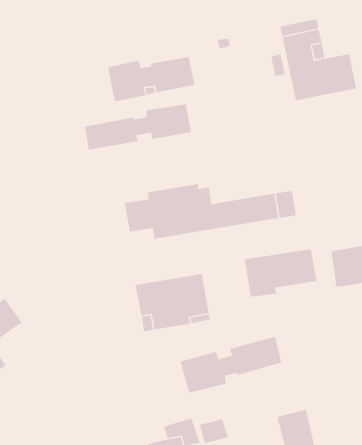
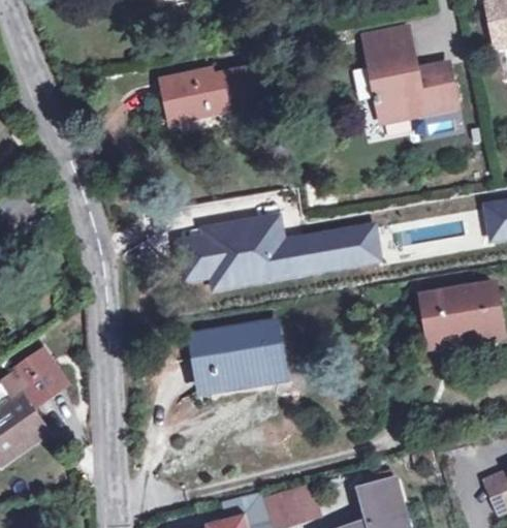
building: [84,103,192,150] -> none
building: [244,249,318,297] -> none
building: [180,336,283,394] -> none

